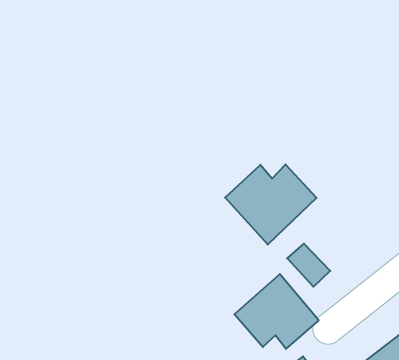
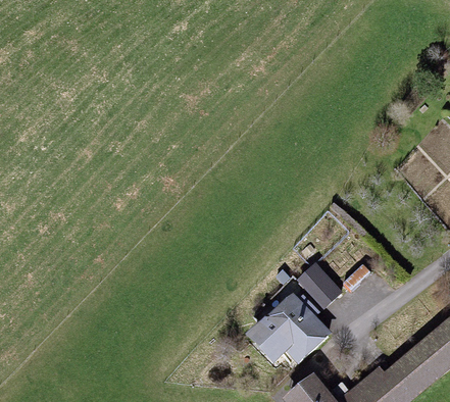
building: [225,164,317,245] -> none

